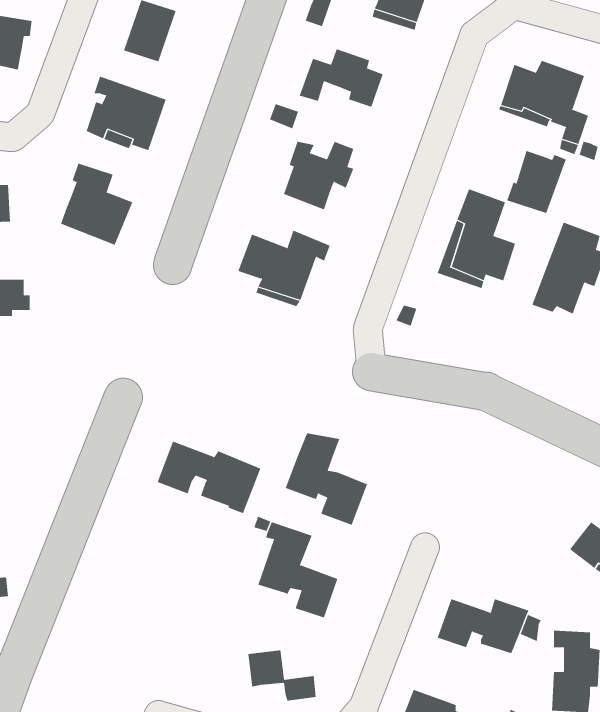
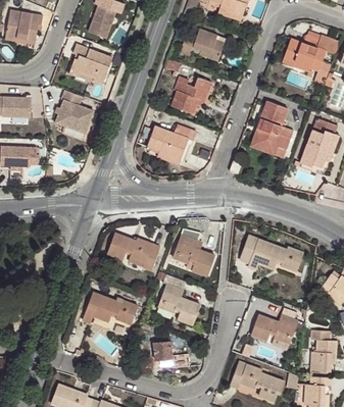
building: [507,150,566,214] -> none
building: none -> [239,235,303,271]
building: none -> [83,292,138,323]

